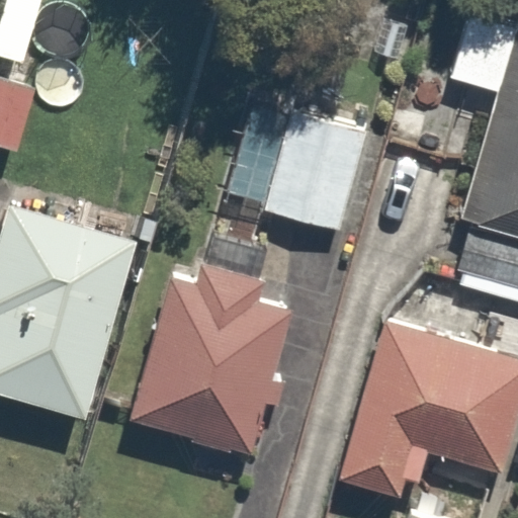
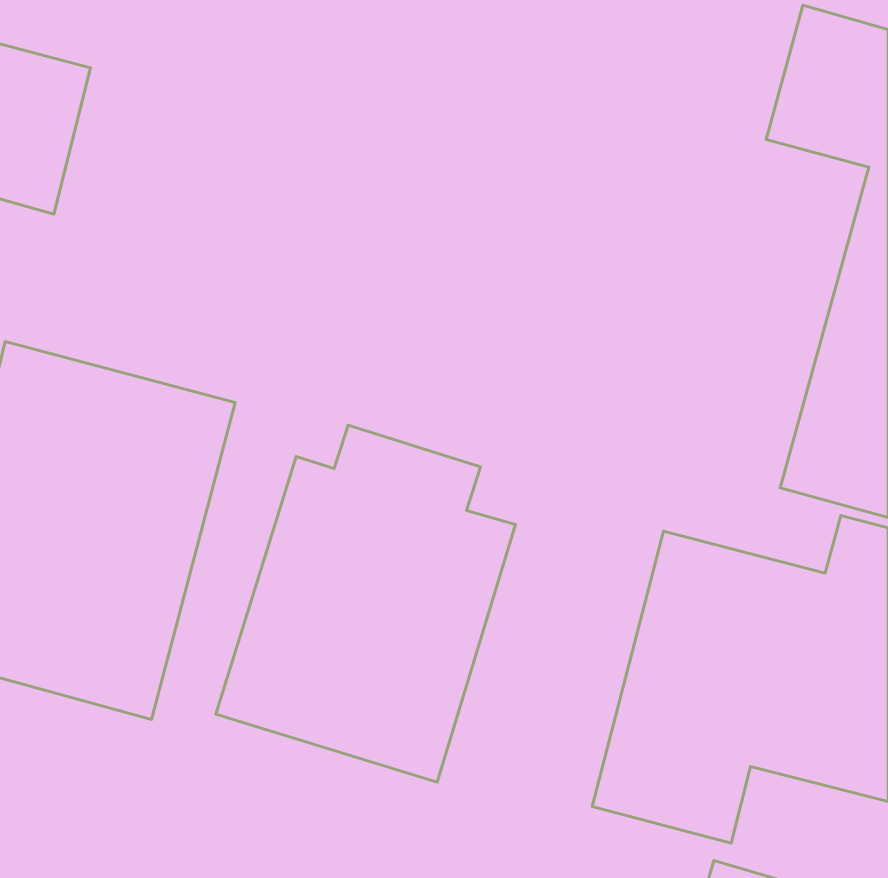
building: [221,91,378,239] -> none

